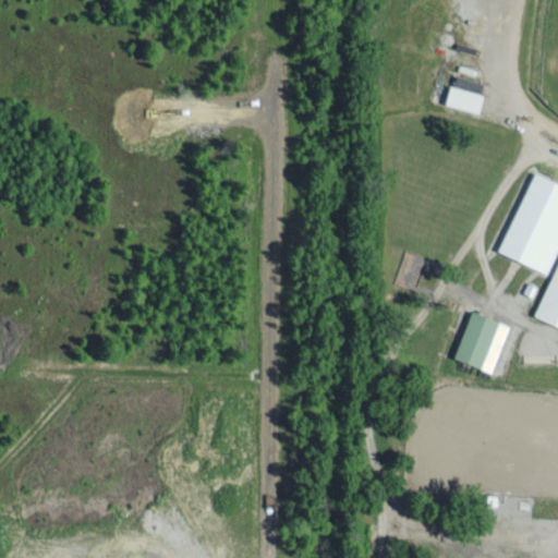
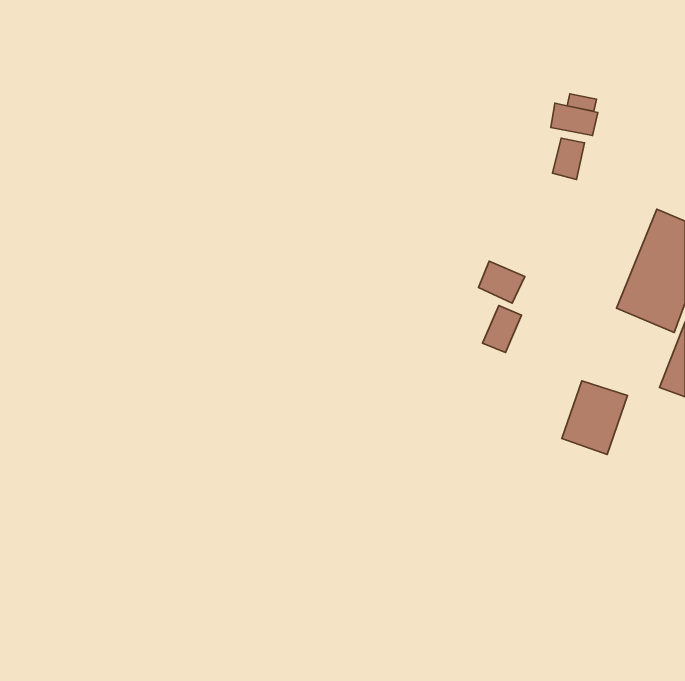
building: none -> [552,138,584,180]
building: none -> [478,261,525,303]

